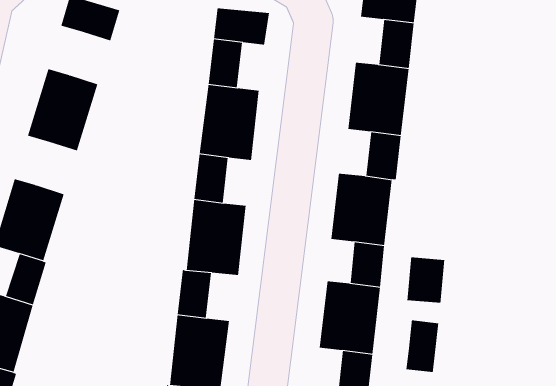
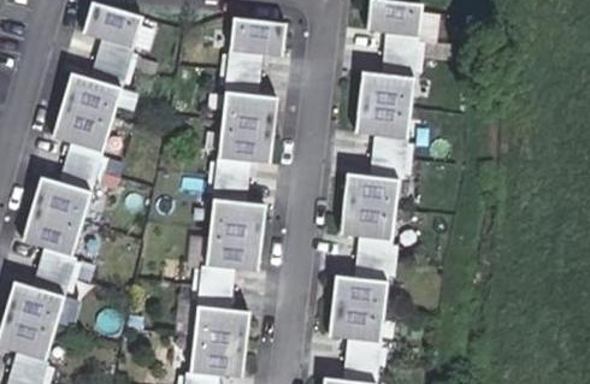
building: none -> [96,43,135,91]
building: none -> [65,146,104,194]
building: [407,257,445,304] -> none
building: [406,320,439,373] -> none

